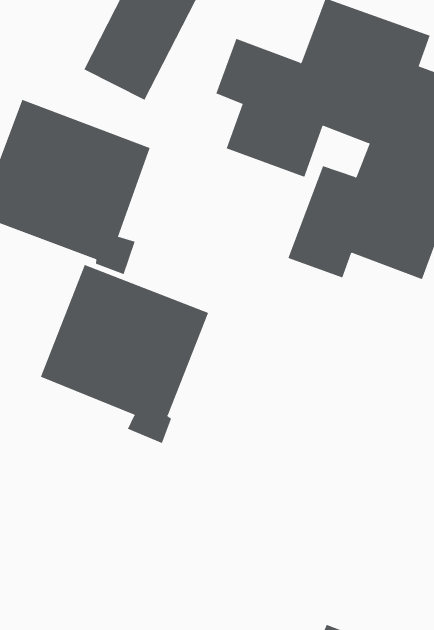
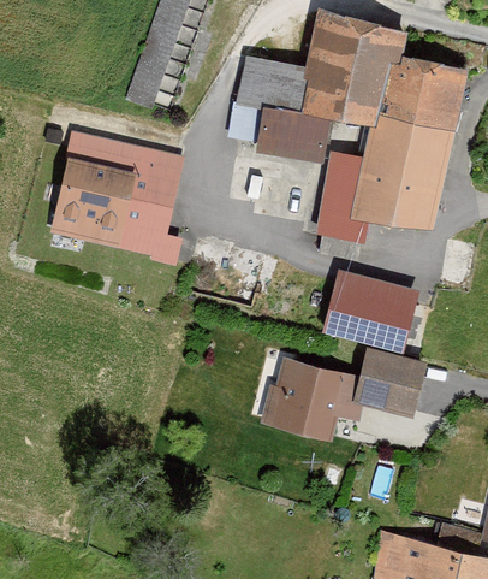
building: [40,264,209,444] -> none
building: none -> [263,268,428,438]

